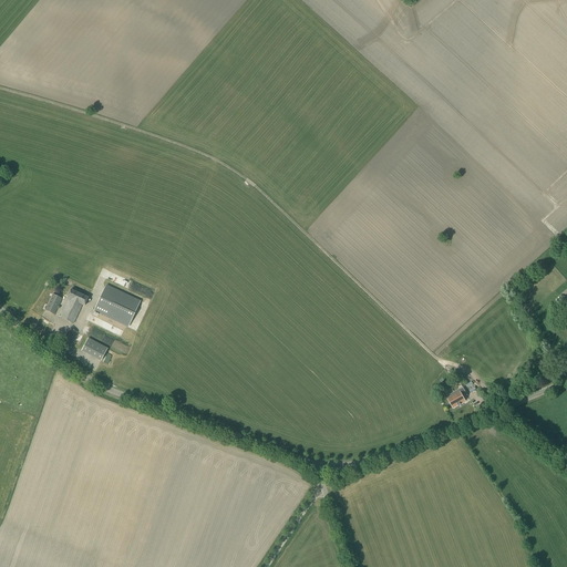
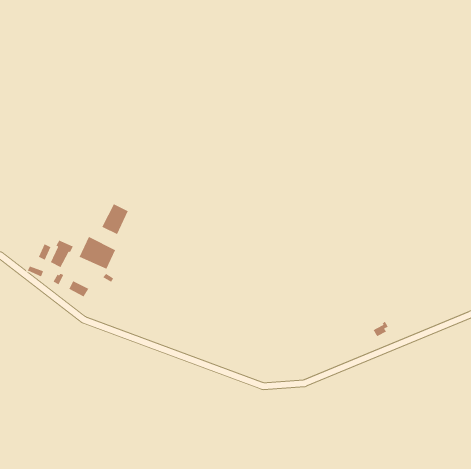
building: none -> [101,203,129,235]

